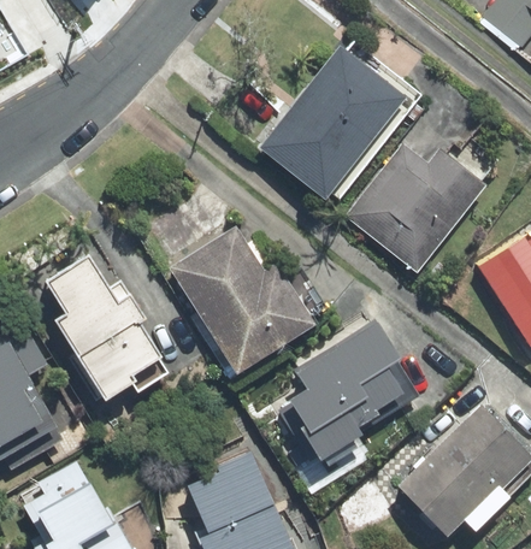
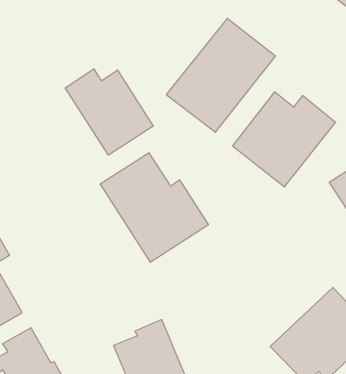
building: none -> [65,69,153,155]
building: [45,255,159,399] -> none
building: [287,320,419,459] -> none

